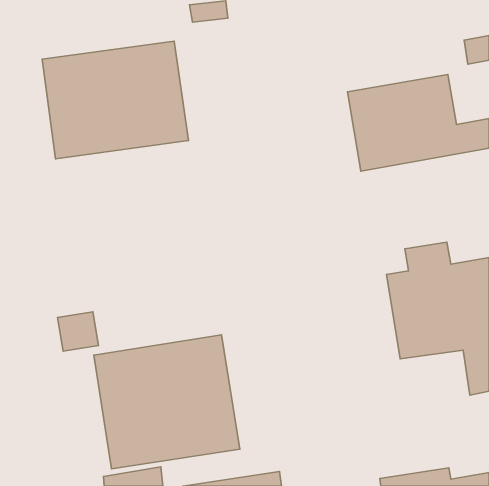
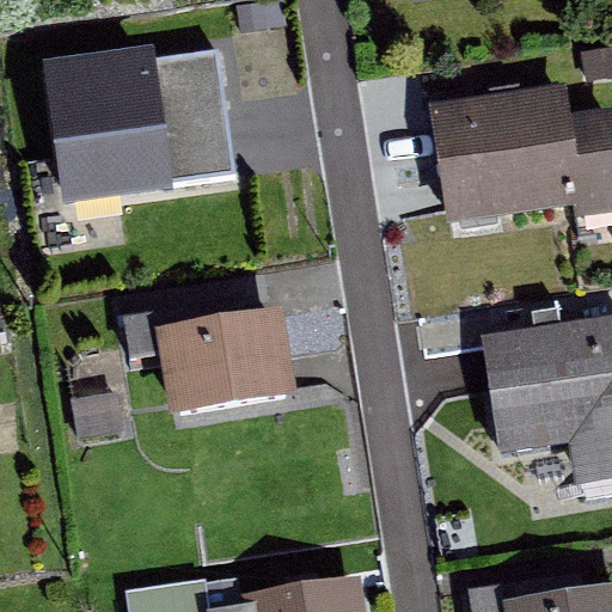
building: none -> [122,312,282,412]
building: [94,335,240,469] -> none

